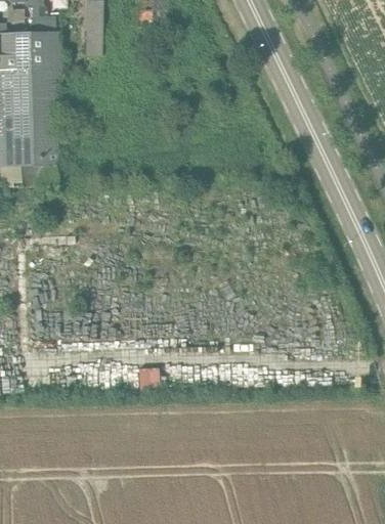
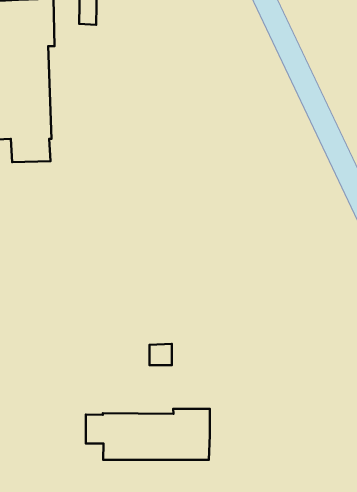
building: none -> [86,409,210,460]

